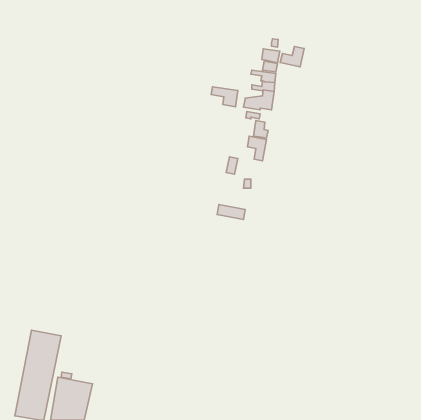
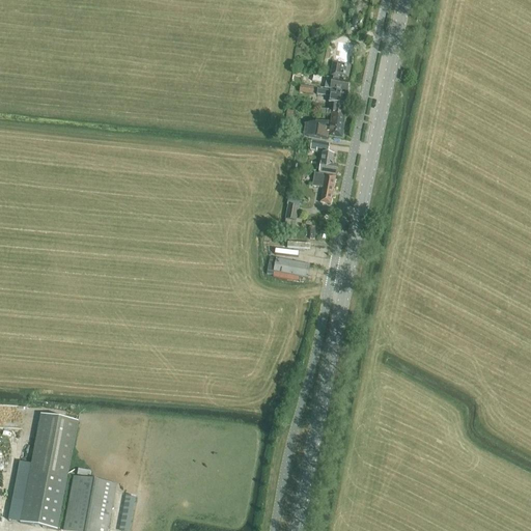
building: [280,47,304,67] -> none
building: [211,87,238,107] -> none

